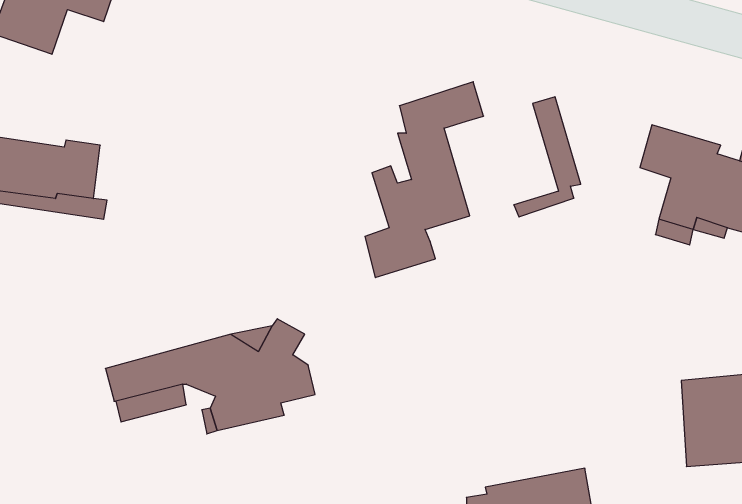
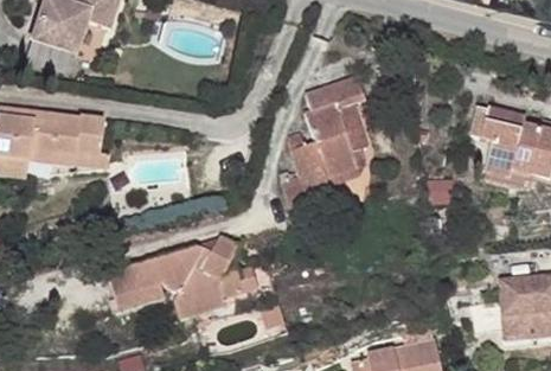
building: [514,97,581,217] -> [326,102,372,185]

